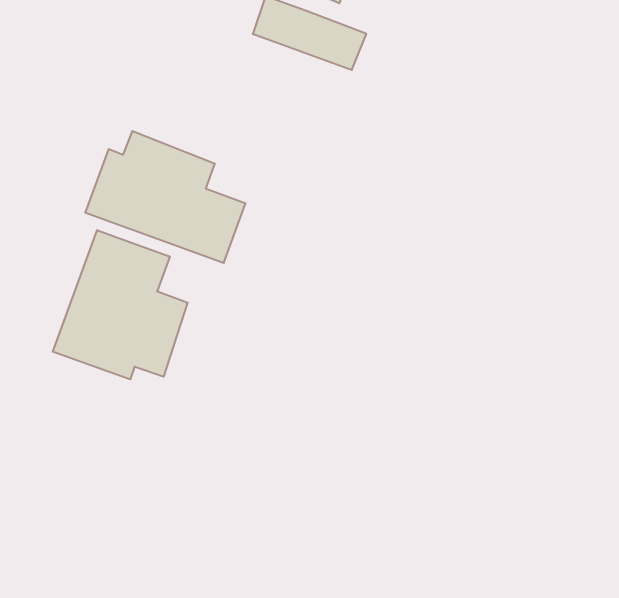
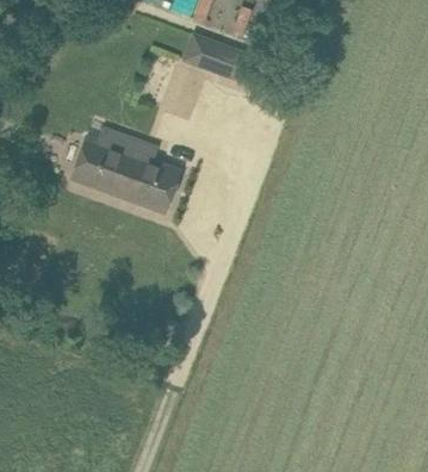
building: [53,230,188,379] -> none

